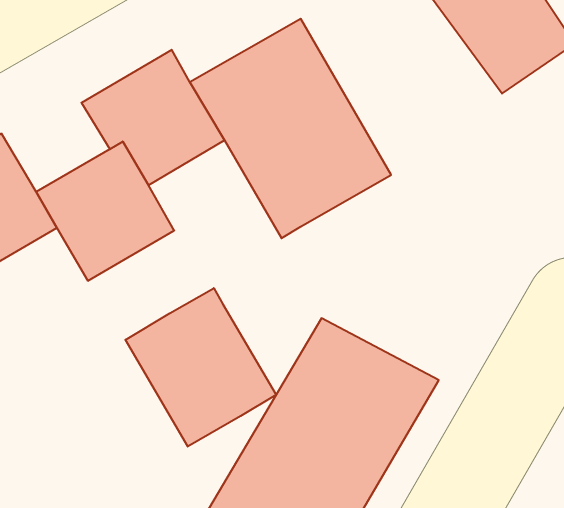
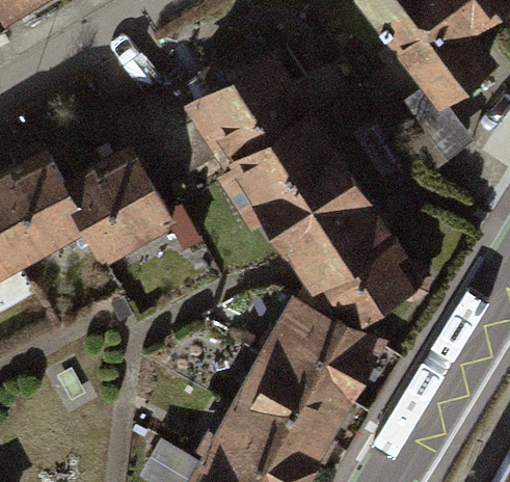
building: none -> [276,178,405,320]
building: [125,288,276,447] -> none

